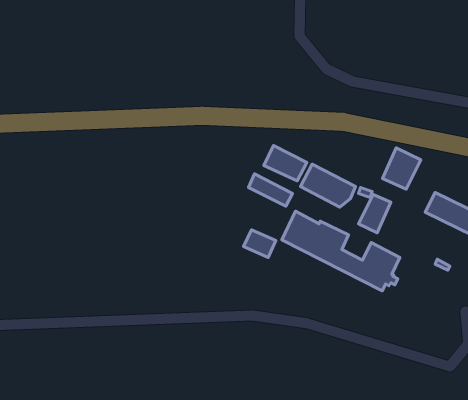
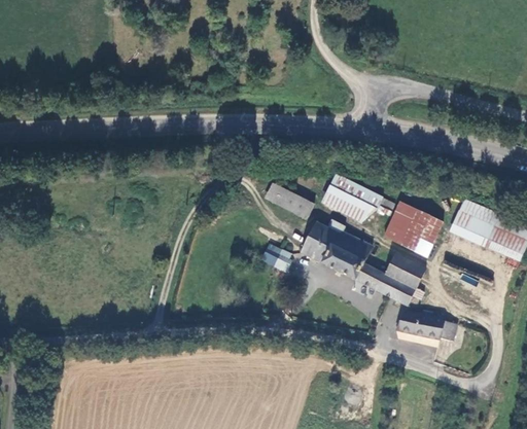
building: [264,146,307,181] -> none
building: [382,148,421,189] -> [401,213,442,256]
building: none -> [397,312,458,341]

